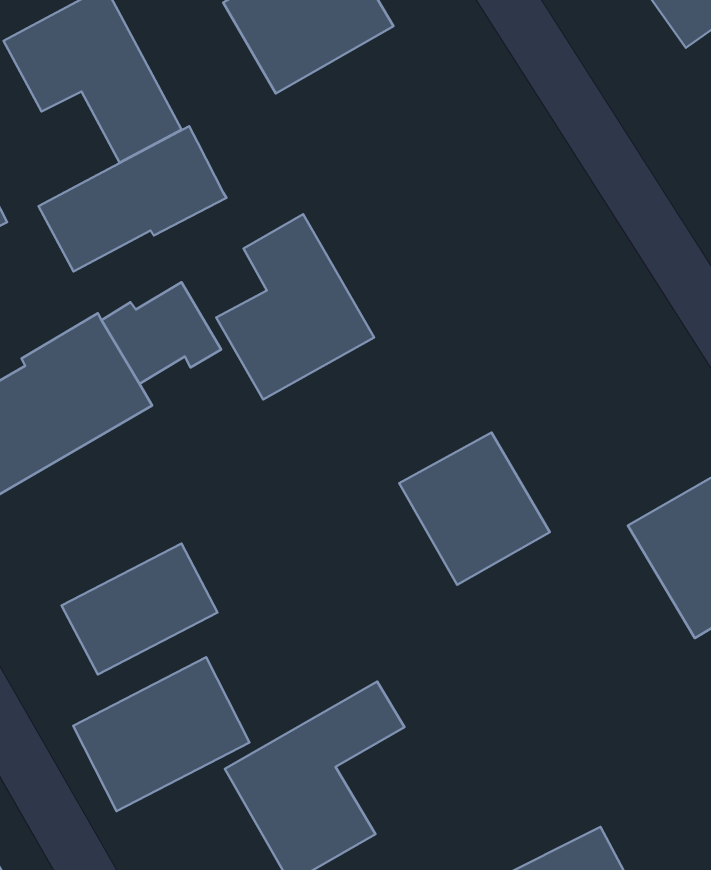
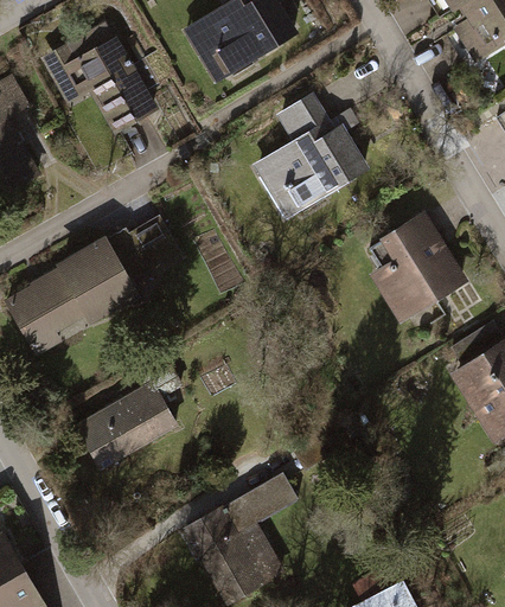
building: [39,126,226,271] -> none
building: [216,214,374,399] -> [258,92,362,213]
building: [399,432,550,585] -> [363,215,461,314]
building: [73,657,249,811] -> none

